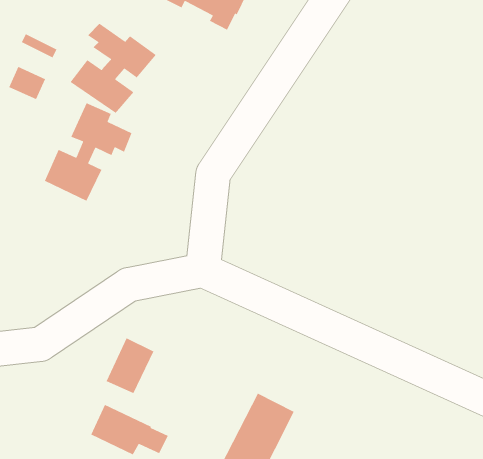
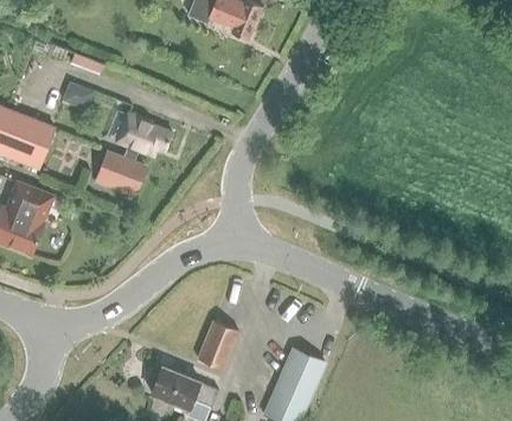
building: [70,23,157,114] -> none
building: [106,337,154,394] -> [197,320,237,369]

